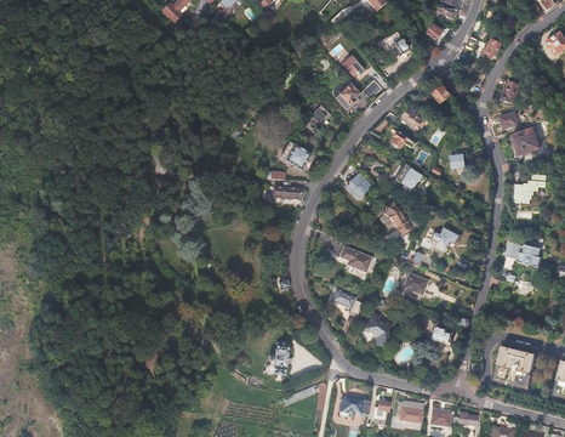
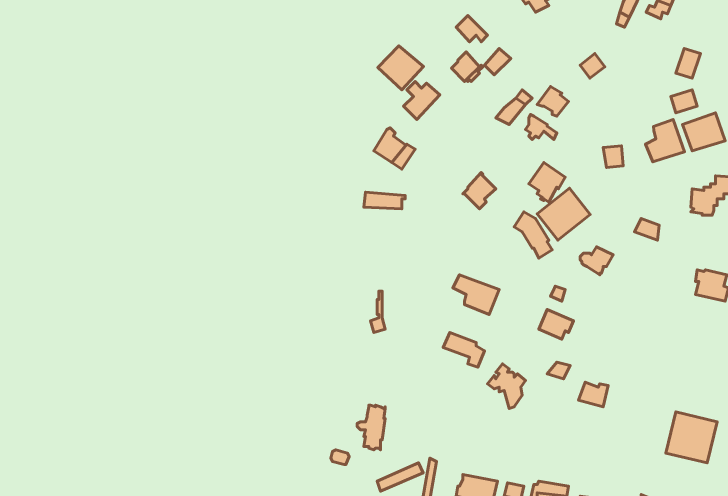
building: none -> [378,46,424,90]
building: none -> [646,120,684,162]
building: none -> [537,188,590,240]

